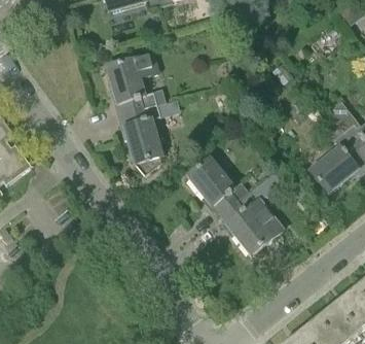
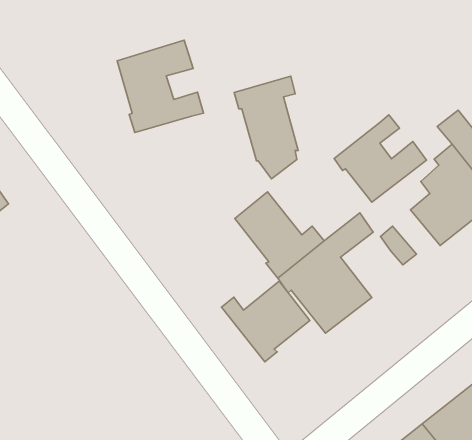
building: none -> [334,115,427,202]
building: [118,104,162,175] -> [234,76,298,179]
building: none -> [221,281,310,362]

